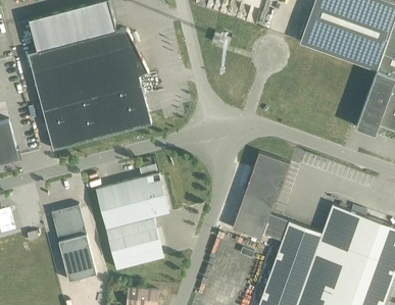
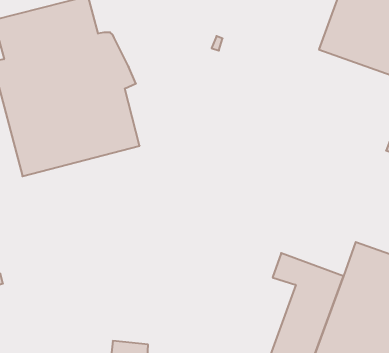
building: [231,153,289,240] -> none
building: [95,165,168,269] -> none
building: [50,205,96,282] -> none

